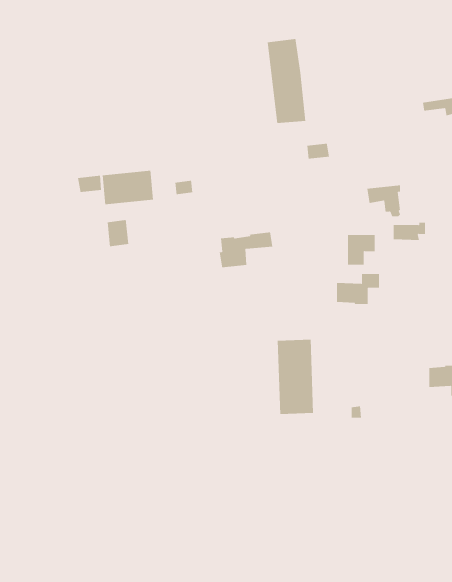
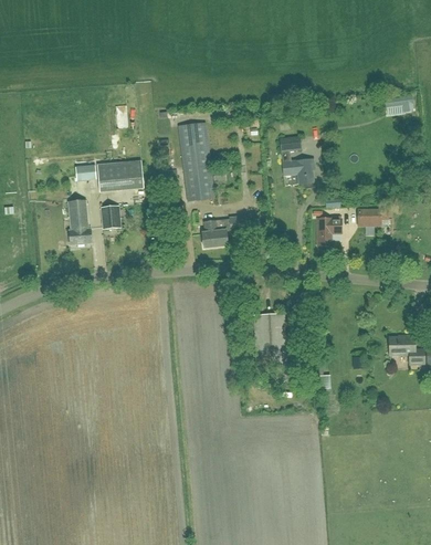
building: [267,38,306,123] -> [178,123,213,199]
building: [366,185,401,217] -> [282,158,313,187]
building: none -> [67,200,91,244]
building: [336,273,379,305] -> none

